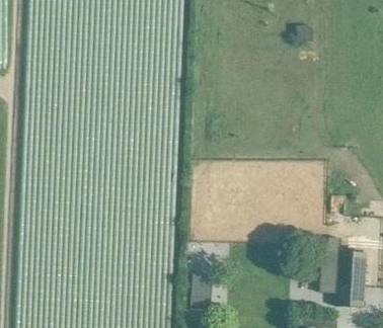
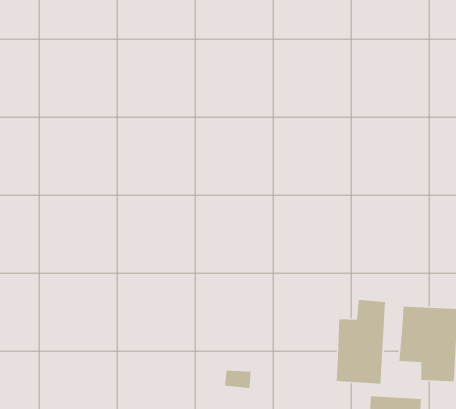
building: none -> [336,299,386,385]

